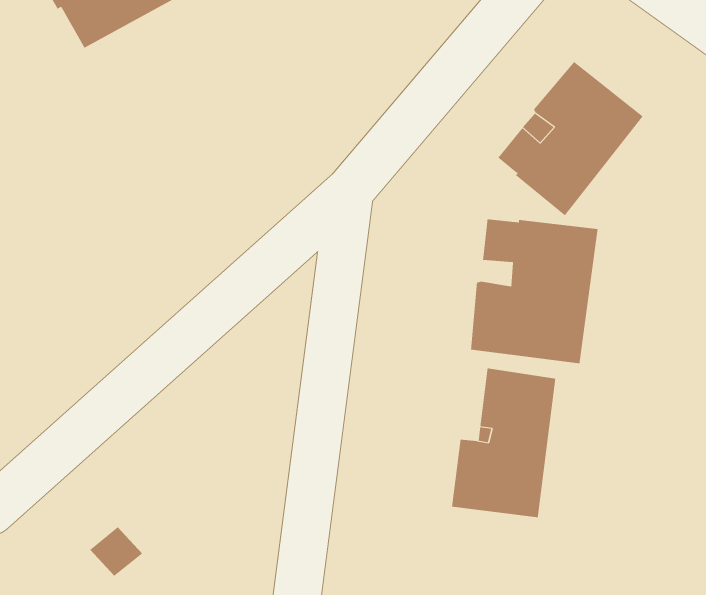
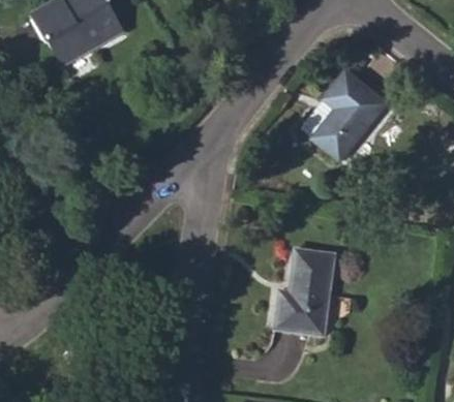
building: [470,218,598,364] -> none

